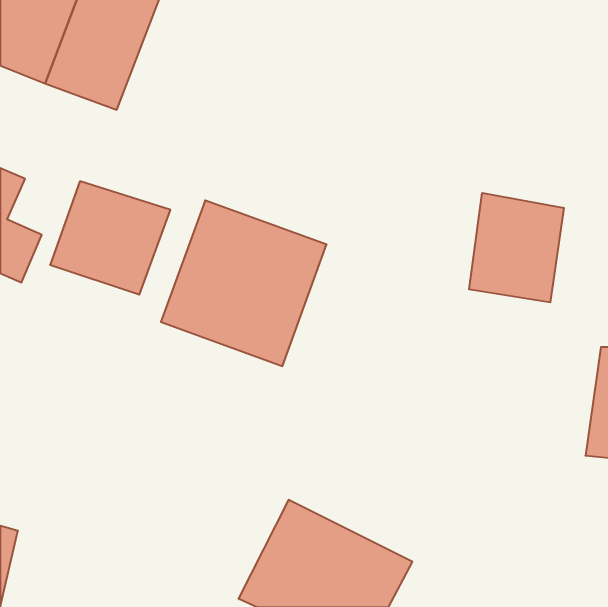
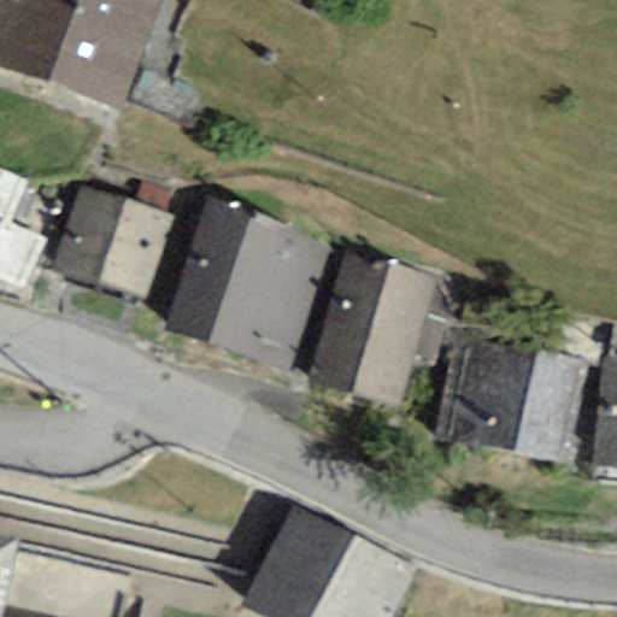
building: [469,193,564,302] -> none
building: none -> [307,248,439,405]
building: none -> [439,336,582,459]

